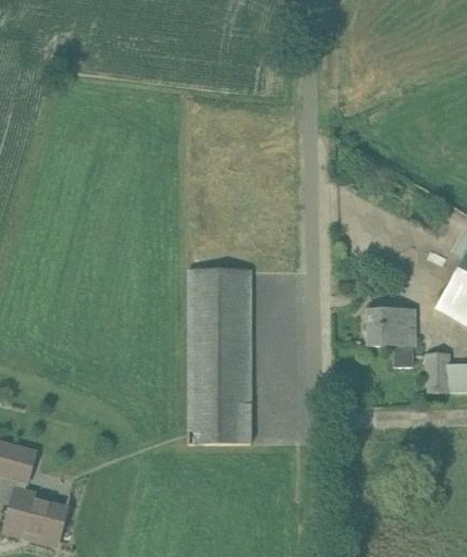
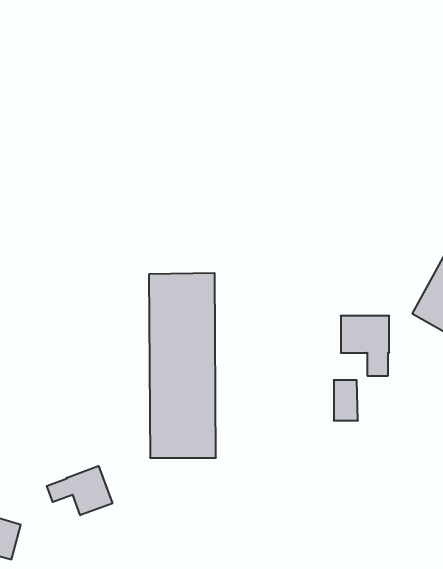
building: [427,352,450,391] -> [334,380,358,421]
building: none -> [47,466,112,515]

